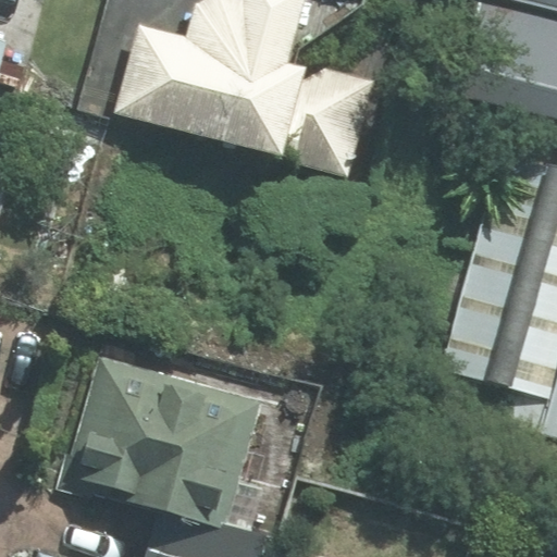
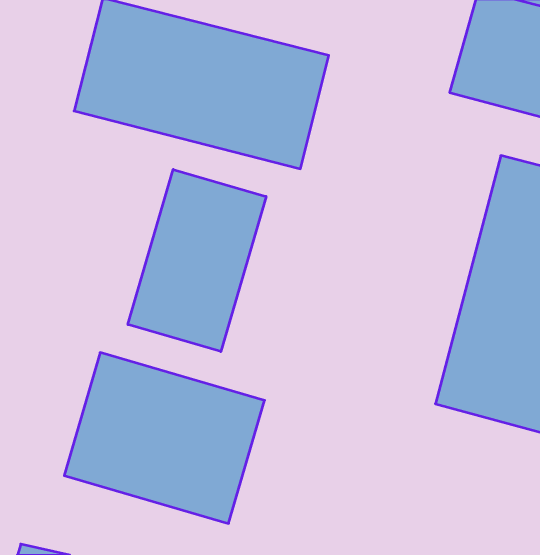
building: none -> [128,169,266,352]

